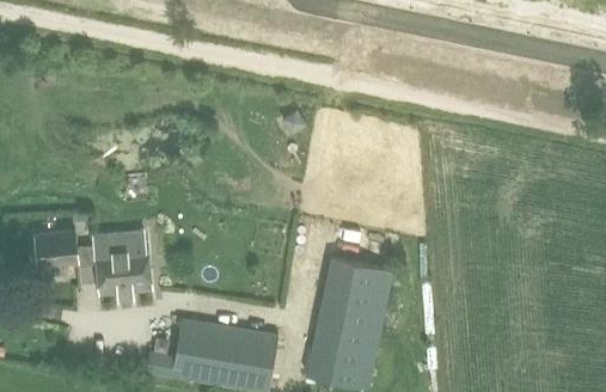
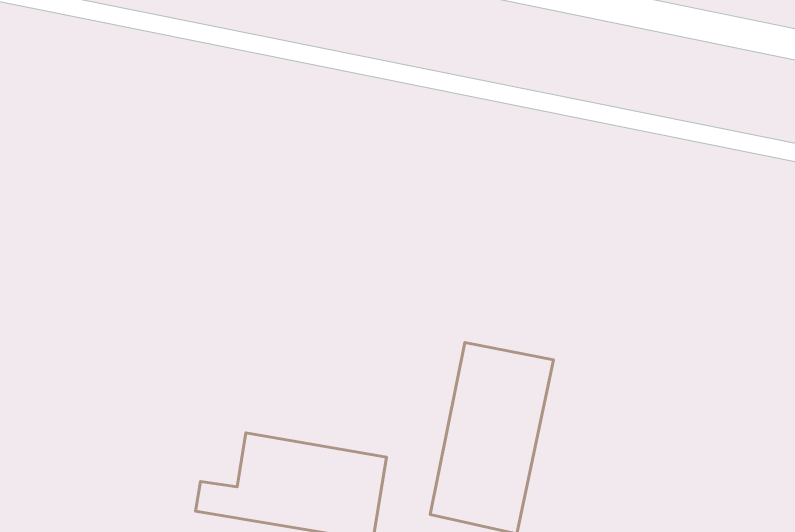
building: [35,229,152,301] -> none

